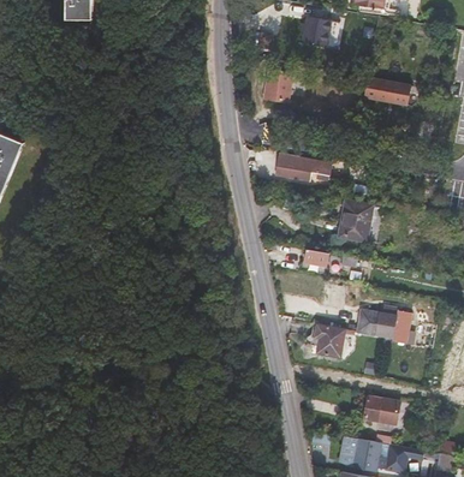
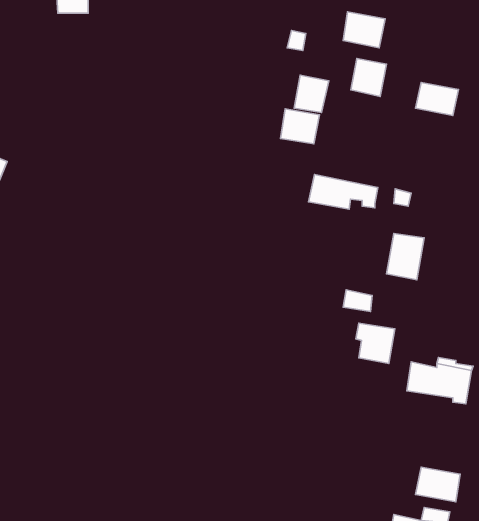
building: none -> [351,59,386,96]
building: none -> [280,109,319,144]
building: [313,324,345,358] -> [356,323,395,363]

